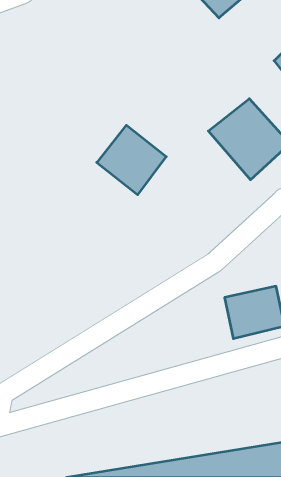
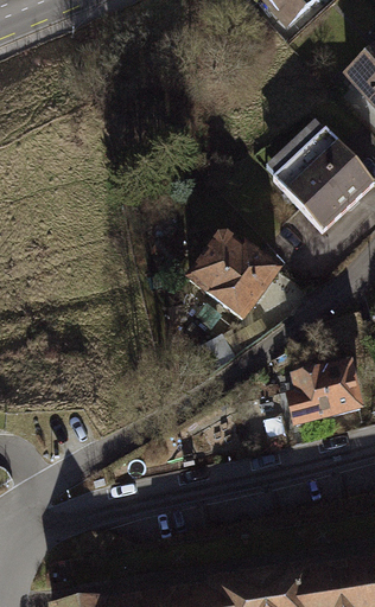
building: [97,125,166,195] -> [190,234,277,320]

